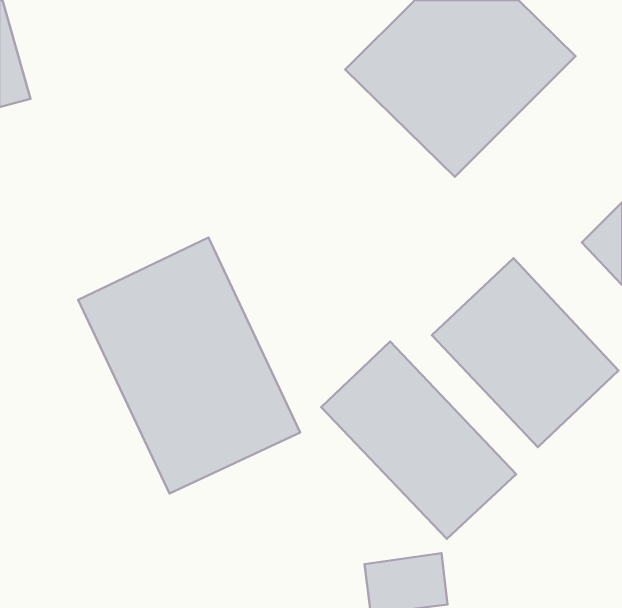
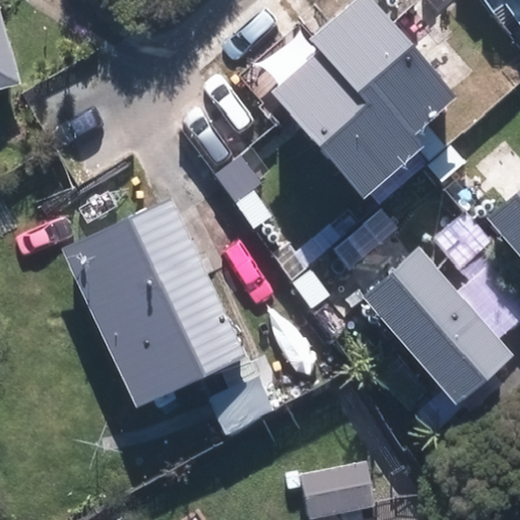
building: [321,341,516,539] -> none

